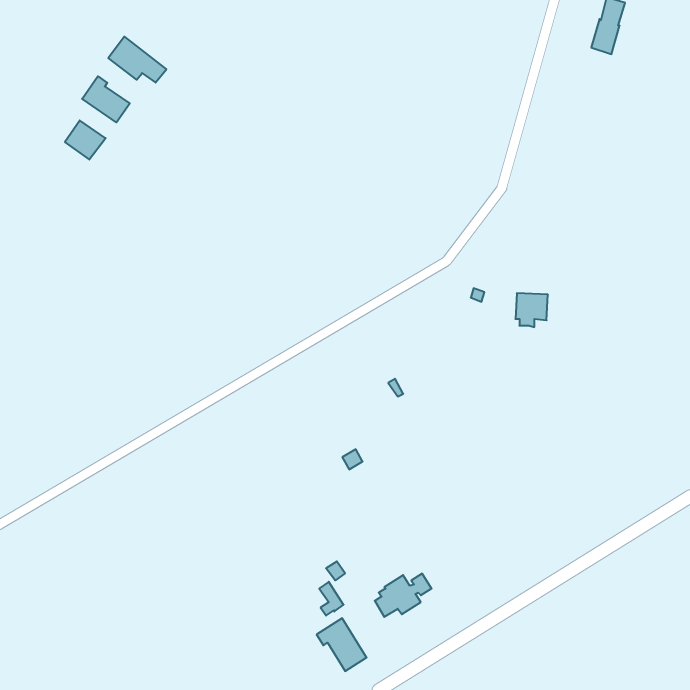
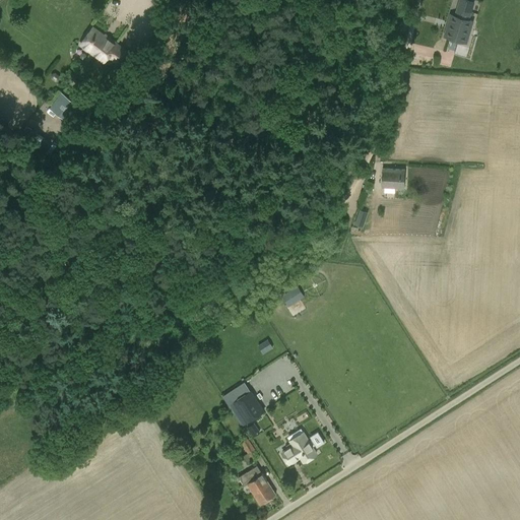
building: [82,76,130,122] -> none
building: [515,293,548,327] -> [380,168,404,193]
building: none -> [226,389,264,426]

